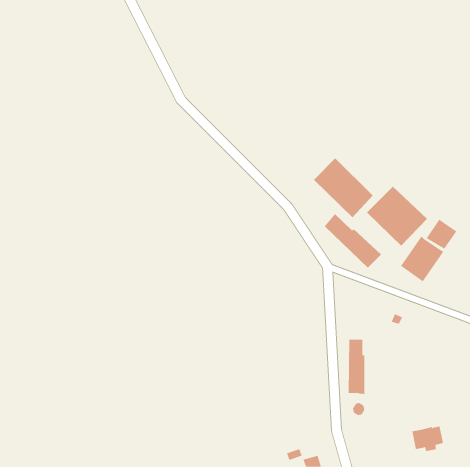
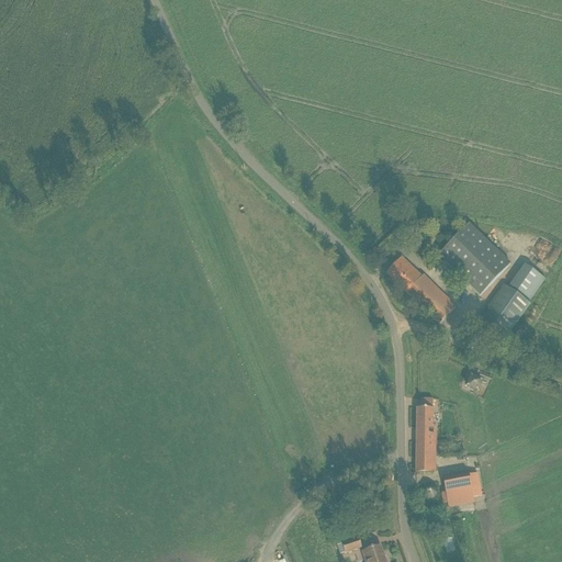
building: [313,157,373,218] -> none
building: [412,426,444,451] -> [442,471,481,502]

